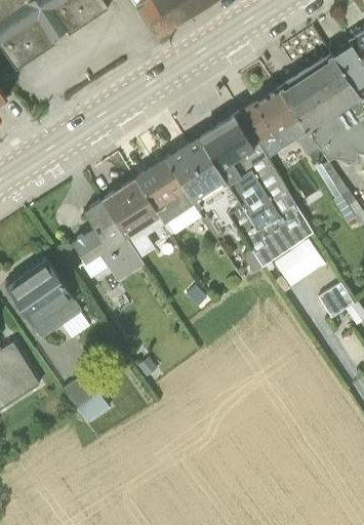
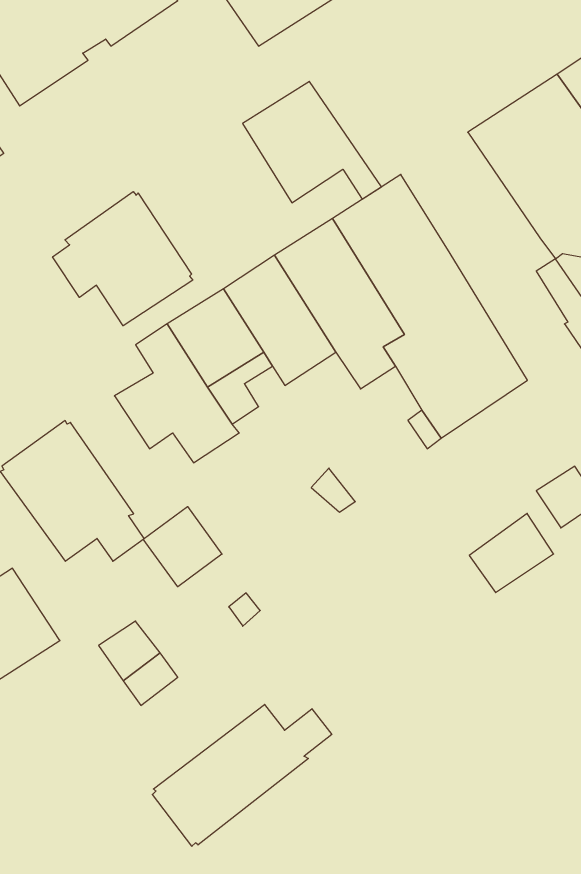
building: [239,87,320,158] -> [243,81,381,203]
building: none -> [53,192,193,326]
building: [276,237,325,283] -> [469,513,554,593]
building: none -> [143,507,222,587]
building: none -> [152,704,332,846]

